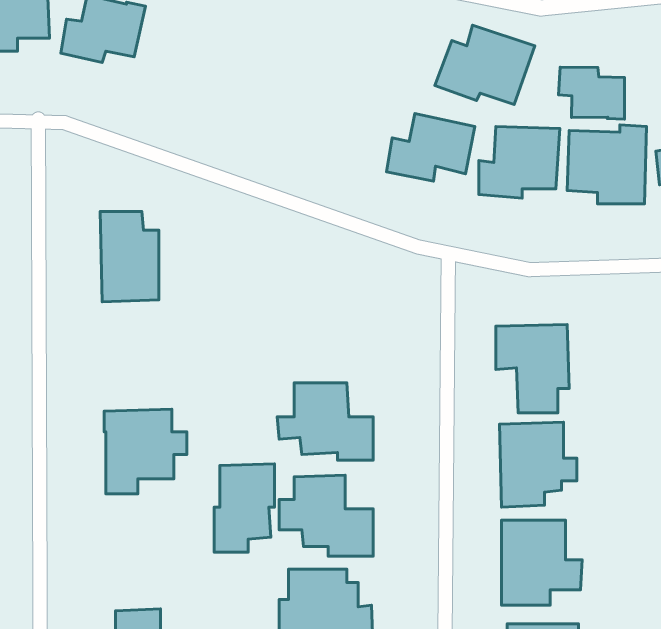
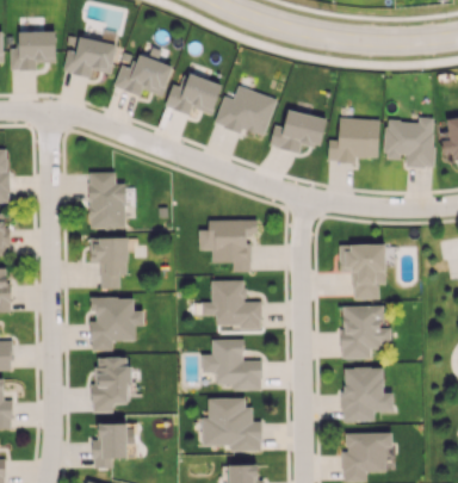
building: none -> [113,54,172,97]
building: [435,25,535,104] -> [213,86,277,136]
building: none -> [165,73,221,114]
building: [558,67,624,119] -> none
building: none -> [198,219,256,272]
building: none -> [89,237,128,289]
building: [214,464,274,552] -> [92,357,130,413]

